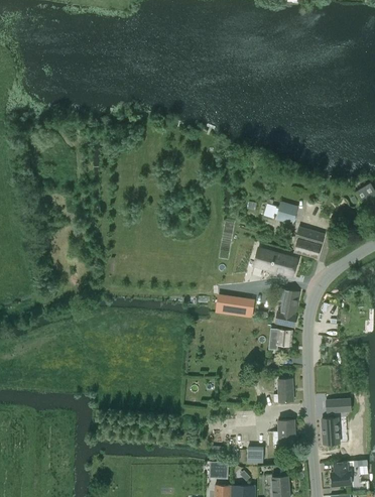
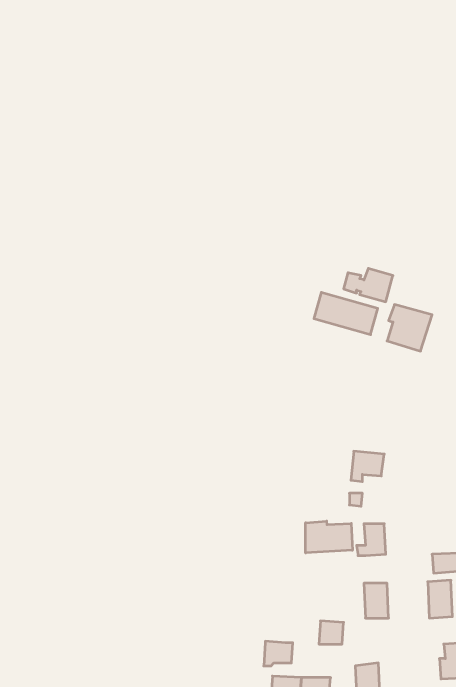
building: [254,247,298,276] -> [314,292,378,335]
building: [276,288,300,326] -> none
building: [216,295,254,316] -> none
building: none -> [306,521,352,553]

